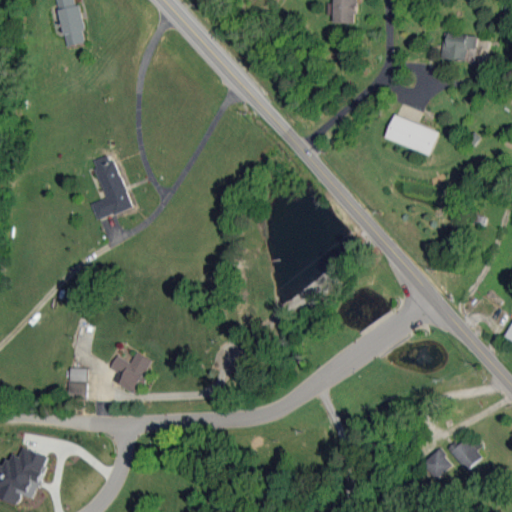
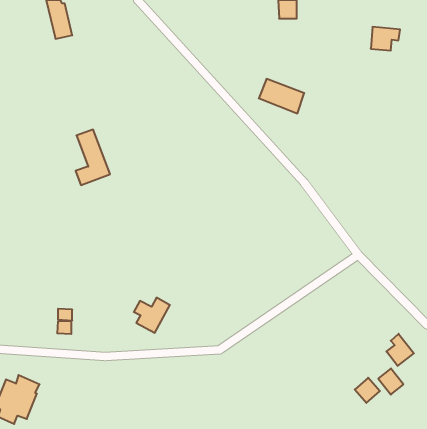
building: [384,115,438,156] -> [259,79,304,113]
building: [109,352,152,394] -> [134,298,170,333]
building: none -> [386,334,414,366]

